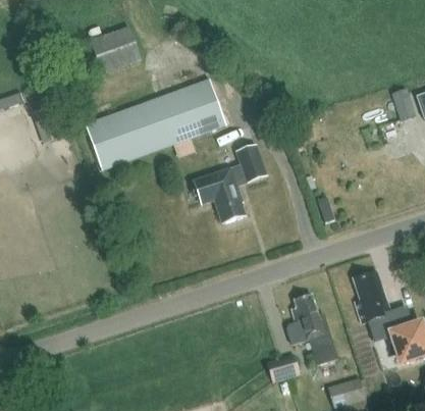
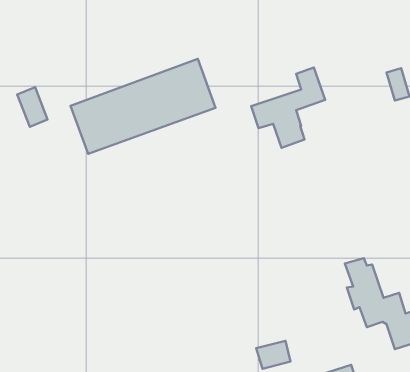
building: [93,28,143,72] -> none
building: [194,144,266,222] -> [251,67,325,148]
building: [287,294,337,364] -> none

